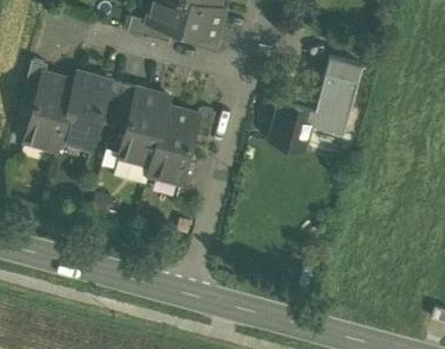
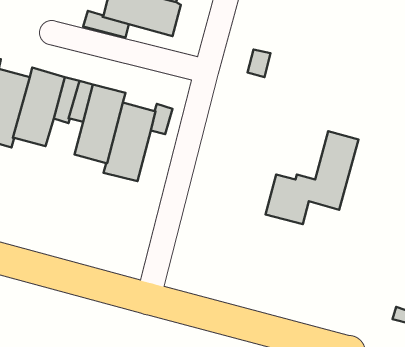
building: [269,57,361,148] -> [265,131,359,224]

